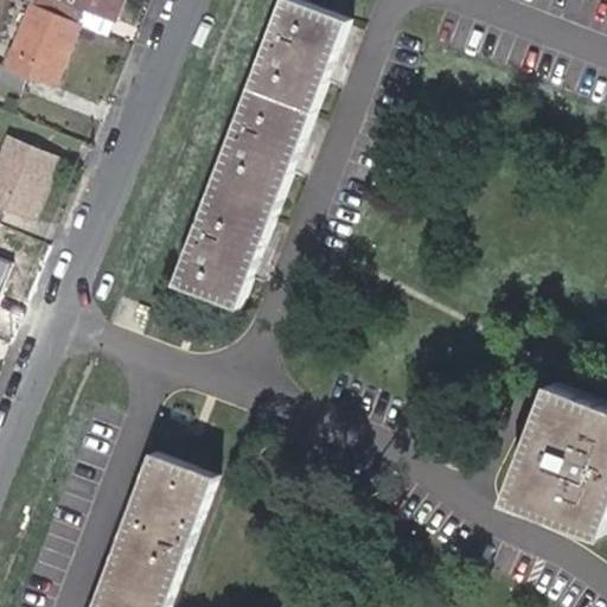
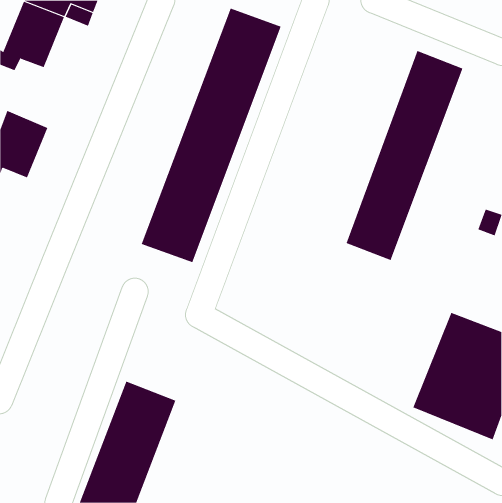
building: none -> [346,50,463,261]

